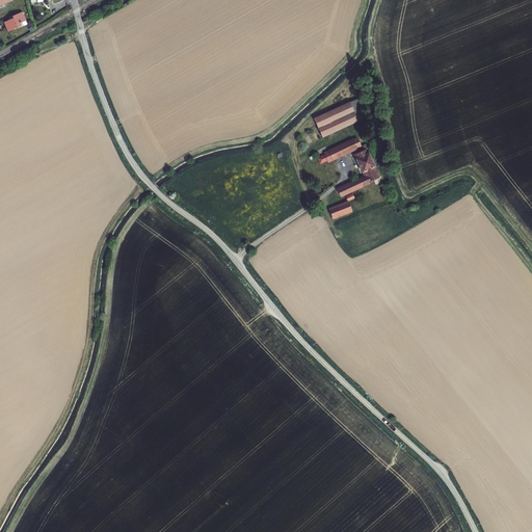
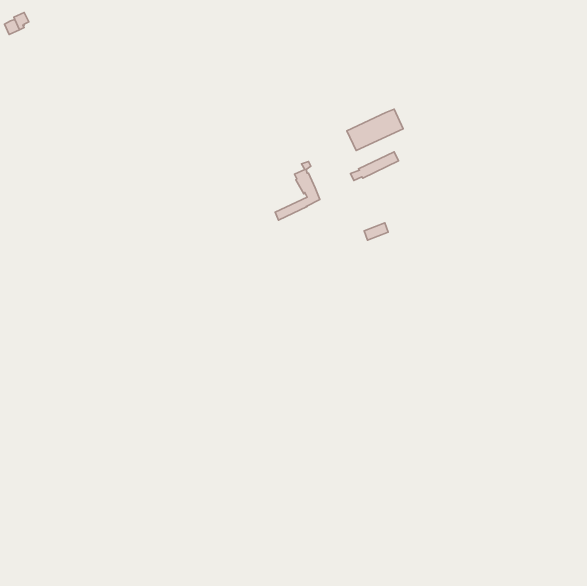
building: [338,142,378,195] -> [275,162,320,220]

